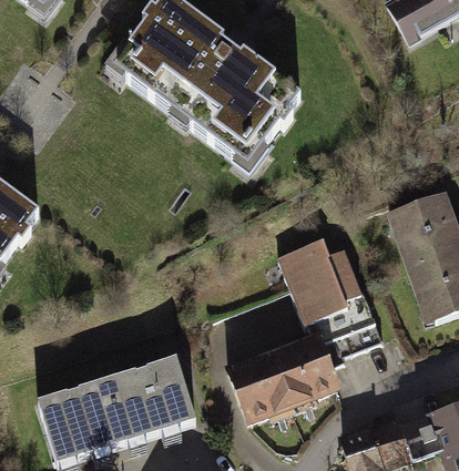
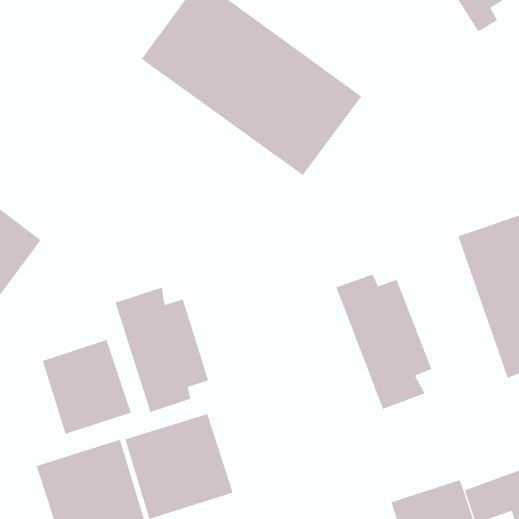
building: none -> [115,287,209,413]
building: none -> [42,339,132,434]
building: [231,338,337,424] -> none

